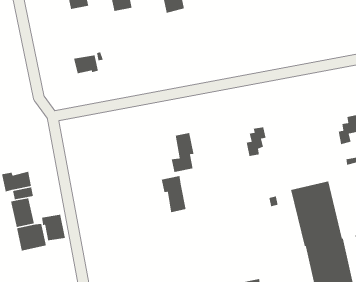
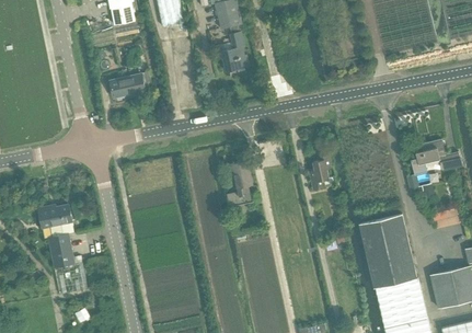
building: none -> [219,32,249,72]
building: [161,175,187,213] -> none
building: [41,214,66,241] -> none

